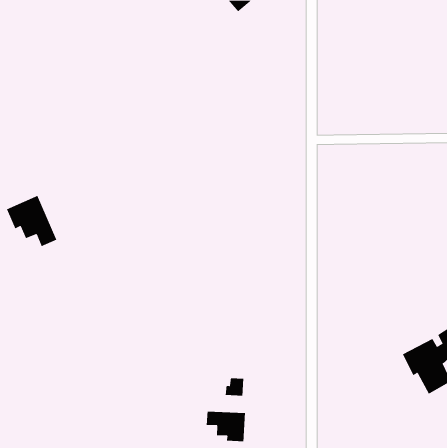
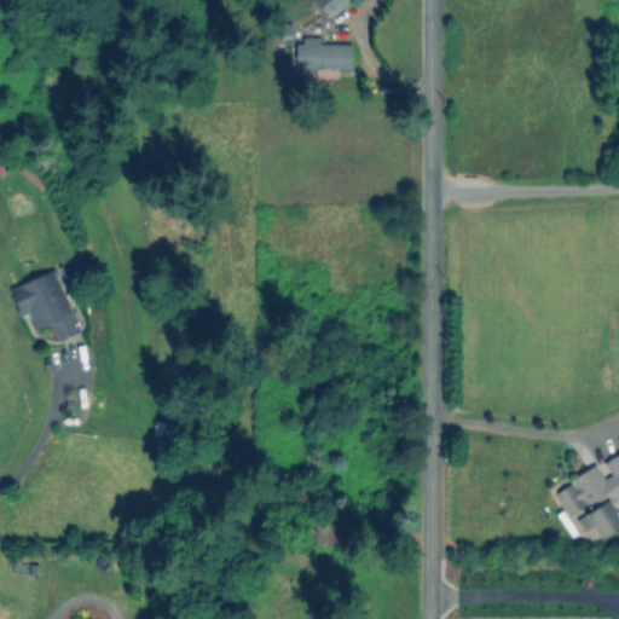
building: none -> [299,37,353,73]
building: [206,411,245,442] -> none

